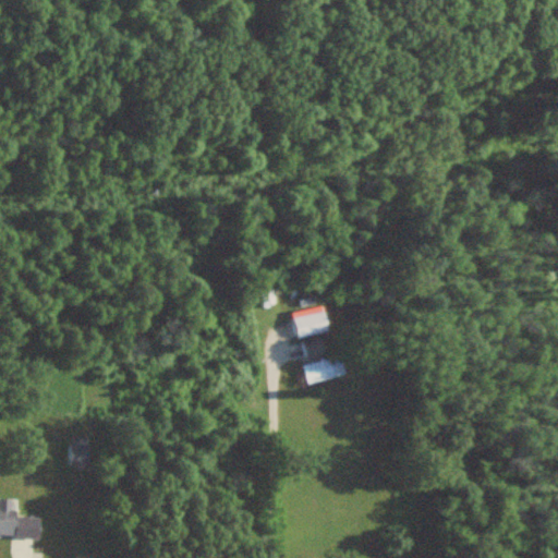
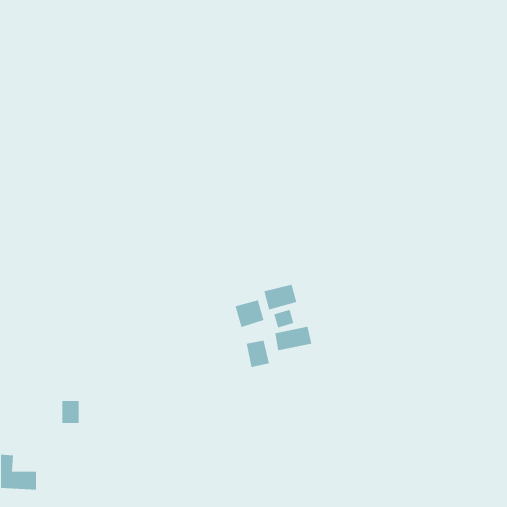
building: none -> [235,299,264,328]
building: none -> [246,340,270,368]

